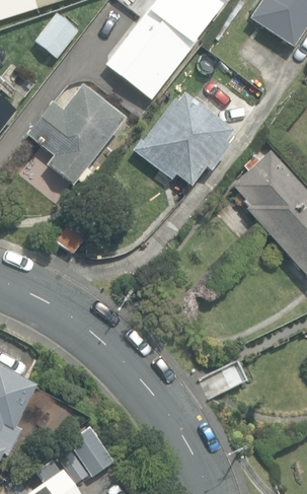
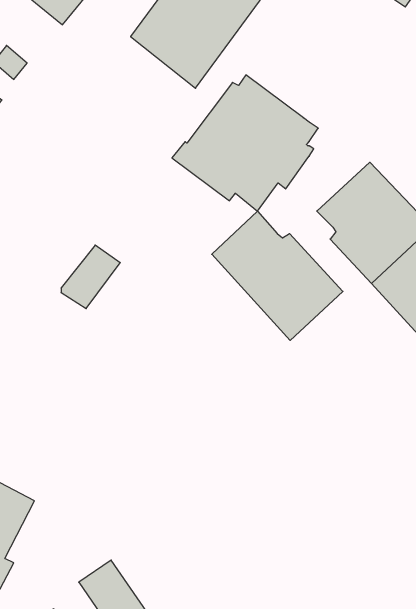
building: [26,84,126,184] -> none
building: none -> [212,211,343,340]

